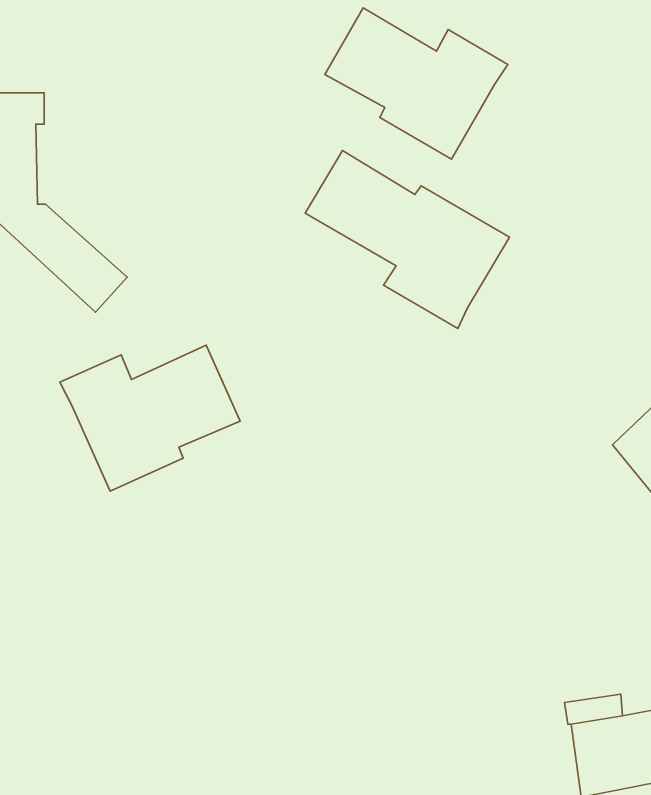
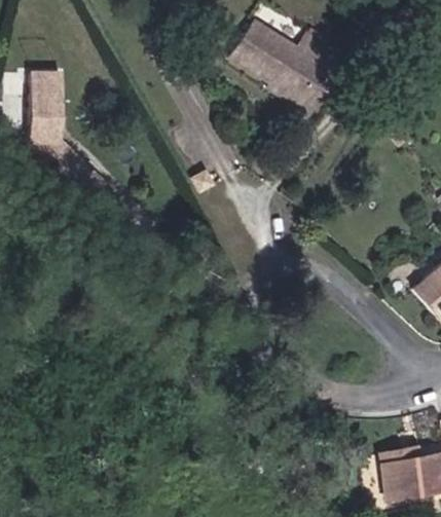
building: [305,151,509,328] -> none
building: [60,345,240,491] -> none

